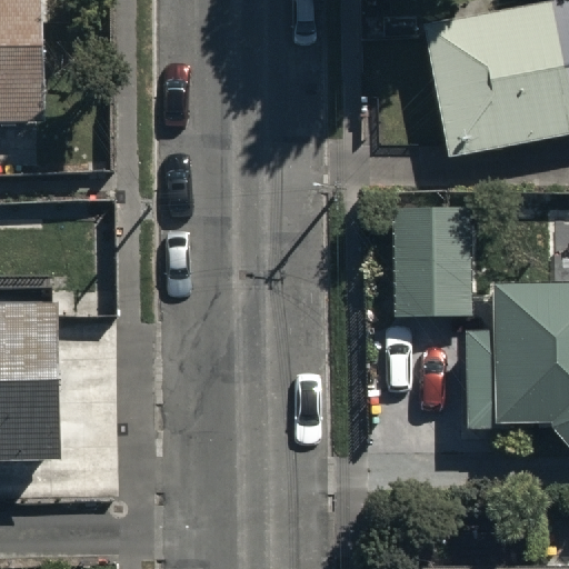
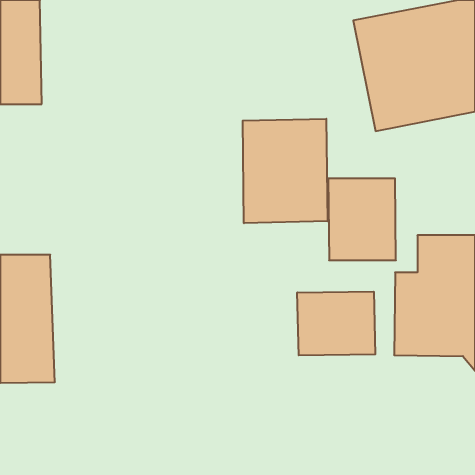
building: none -> [243,119,327,223]
building: none -> [297,292,375,355]

